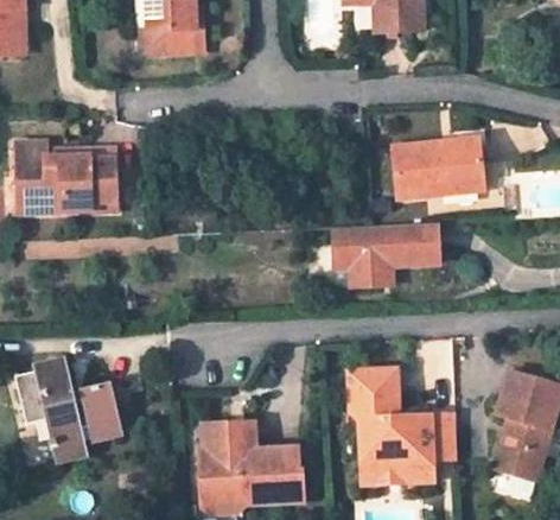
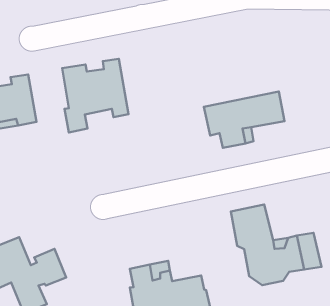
building: [394,144,483,197] -> none
building: none -> [62,59,128,132]
building: [361,458,435,488] -> none

